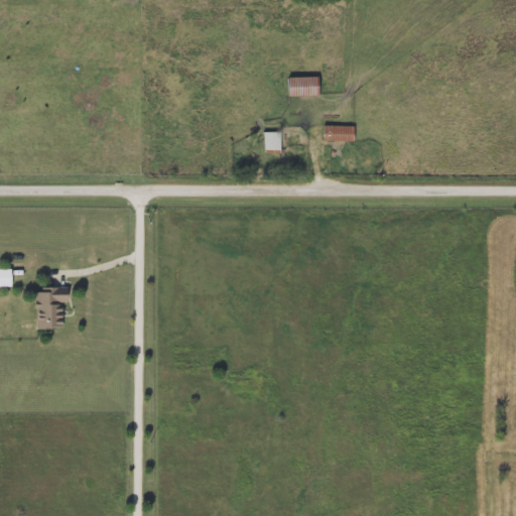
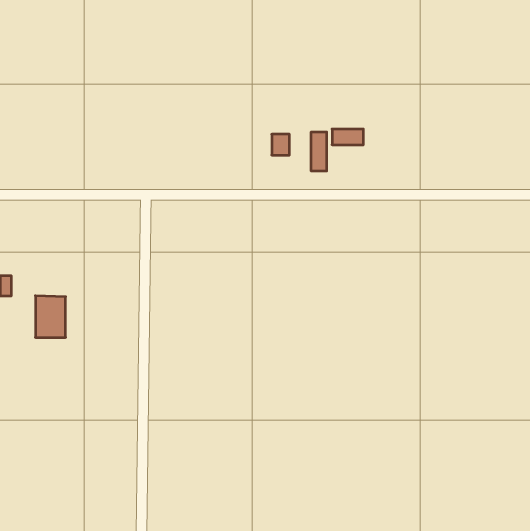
building: [288,78,318,96] -> none
building: none -> [311,132,327,171]

